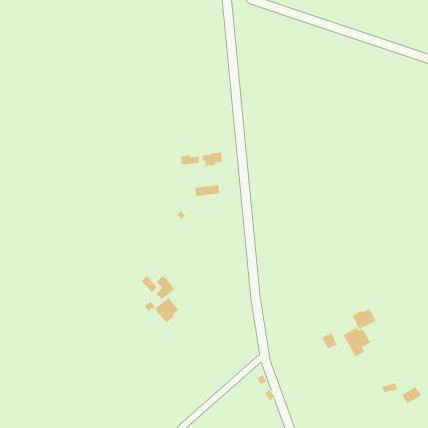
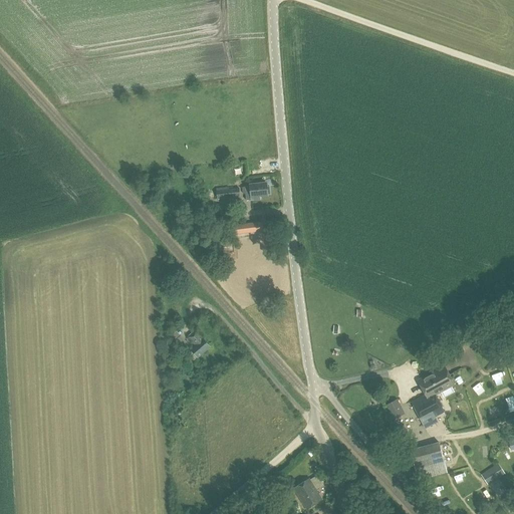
building: [154,297,179,323] -> none
building: none -> [410,441,448,480]
building: none -> [294,477,322,508]

